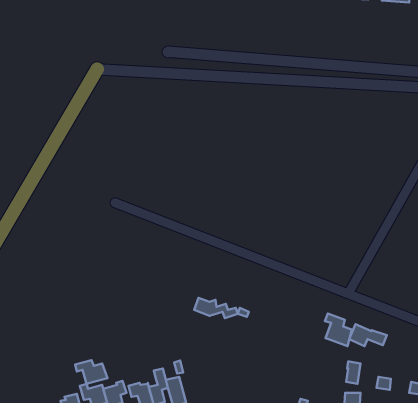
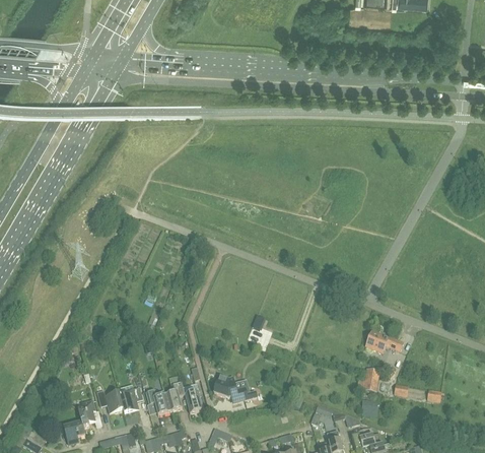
building: [194,298,238,318] -> [213,379,257,399]
building: [325,314,352,346] -> none
building: [75,360,107,384] -> none

